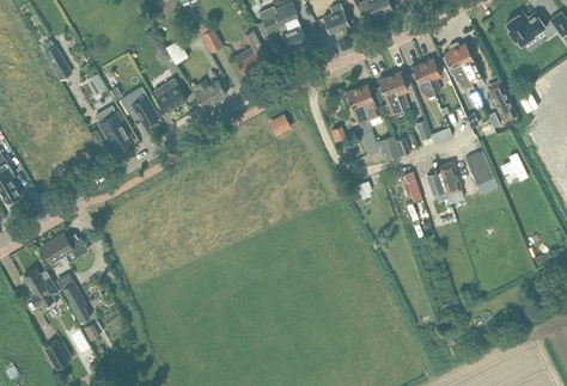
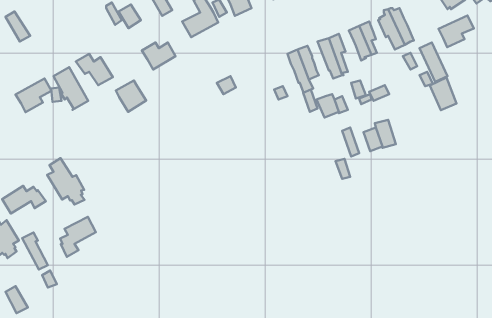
building: none -> [438,15,474,47]
building: [154,79,187,112] -> [116,80,146,112]
building: none -> [16,78,51,112]
building: [465,151,494,185] -> [430,78,457,110]
building: none -> [47,158,84,204]
building: none -> [60,217,96,257]

